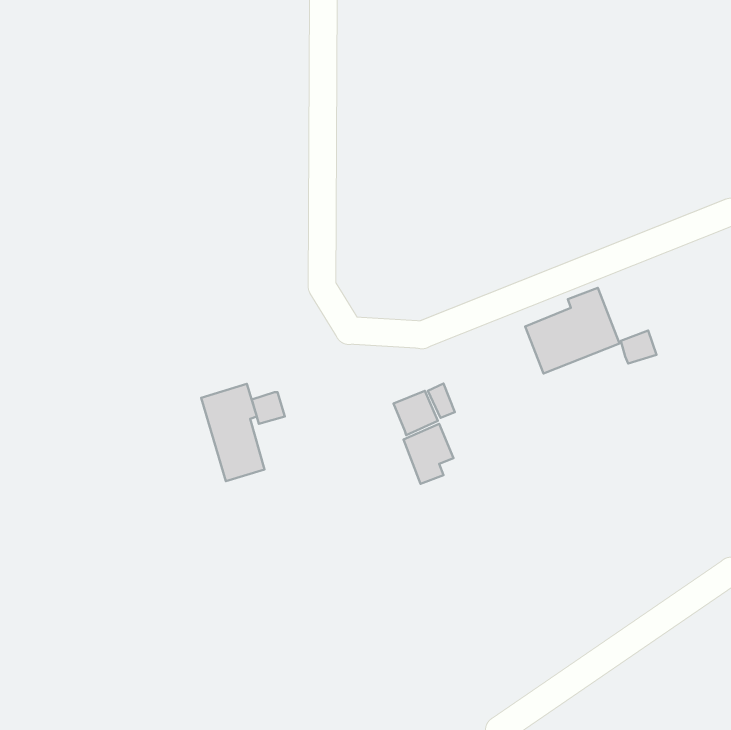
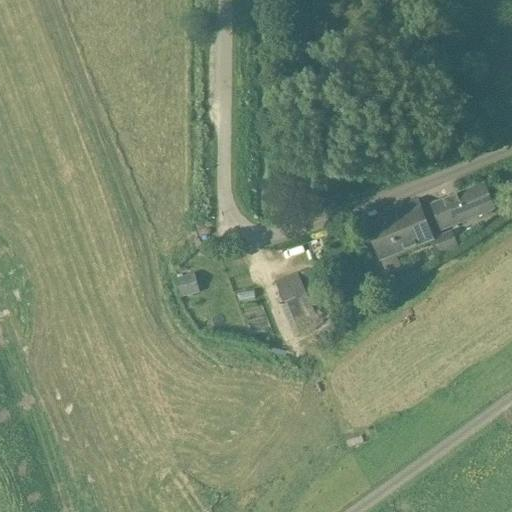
building: none -> [432,183,495,231]
building: [201,384,265,481] -> none

